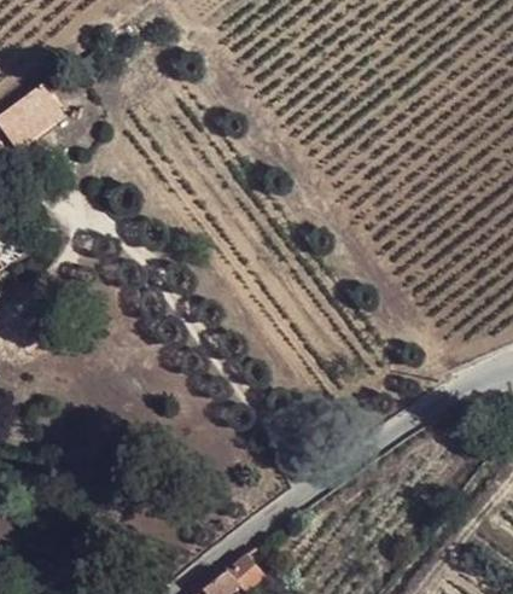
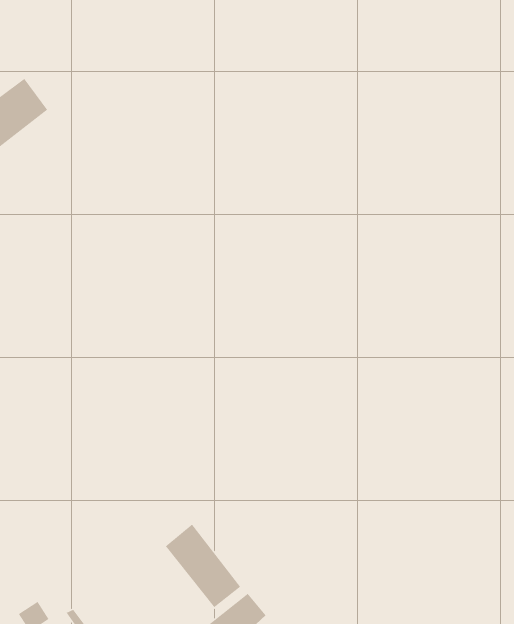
building: none -> [165,523,241,608]

